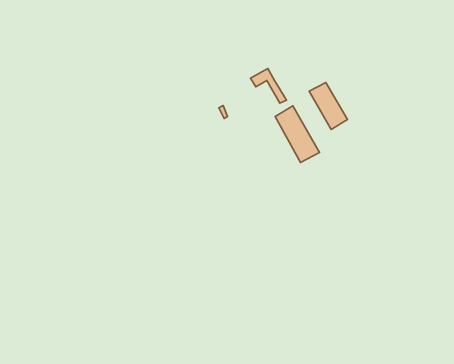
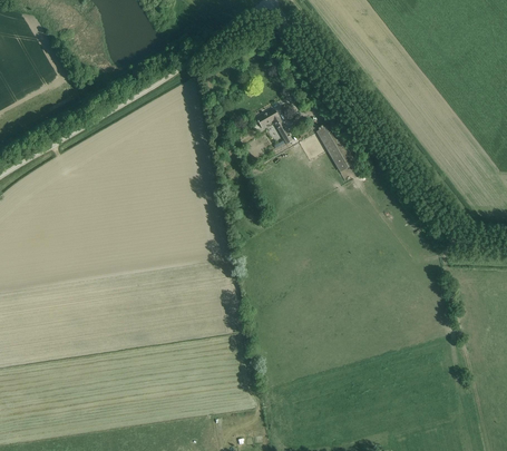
building: [275,106,320,163] -> none

